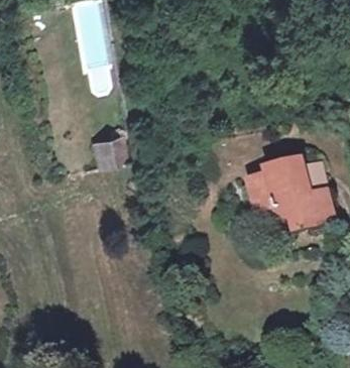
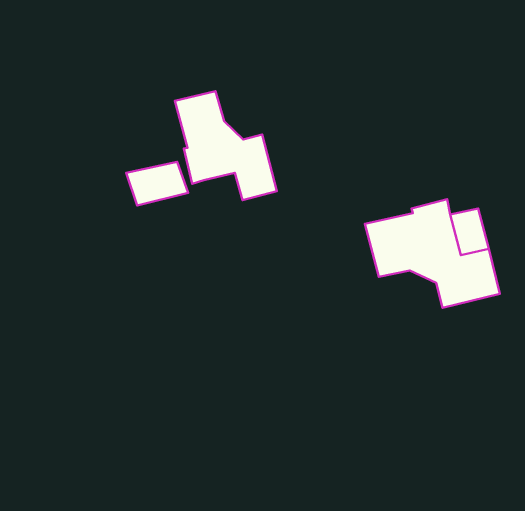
building: none -> [175,91,277,200]

